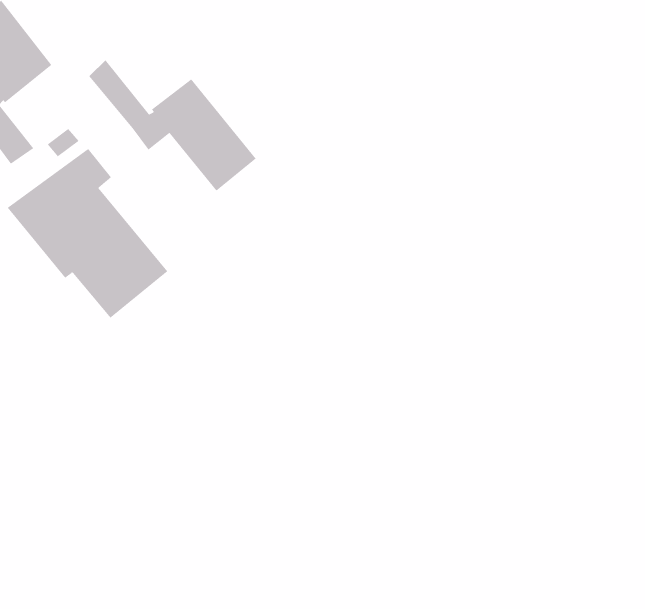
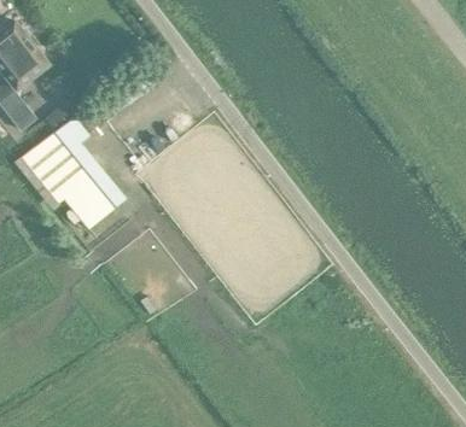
building: [88,60,257,191] -> none

